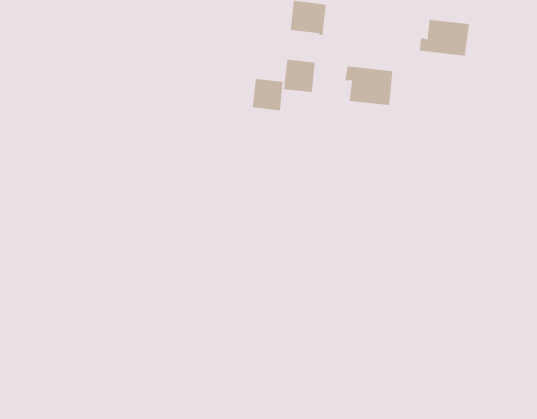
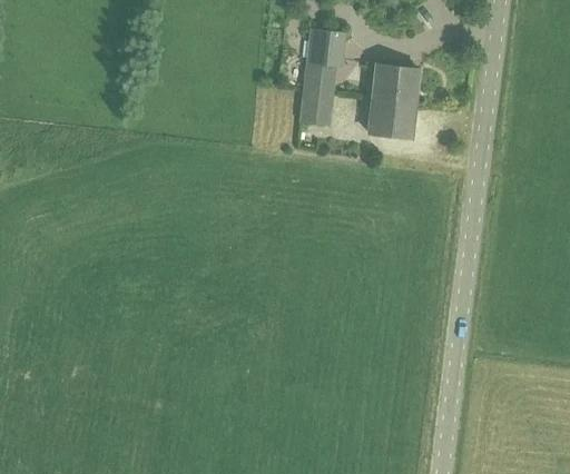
building: [419,20,470,56] -> [366,66,419,103]
building: [252,79,284,111] -> [304,61,337,95]

